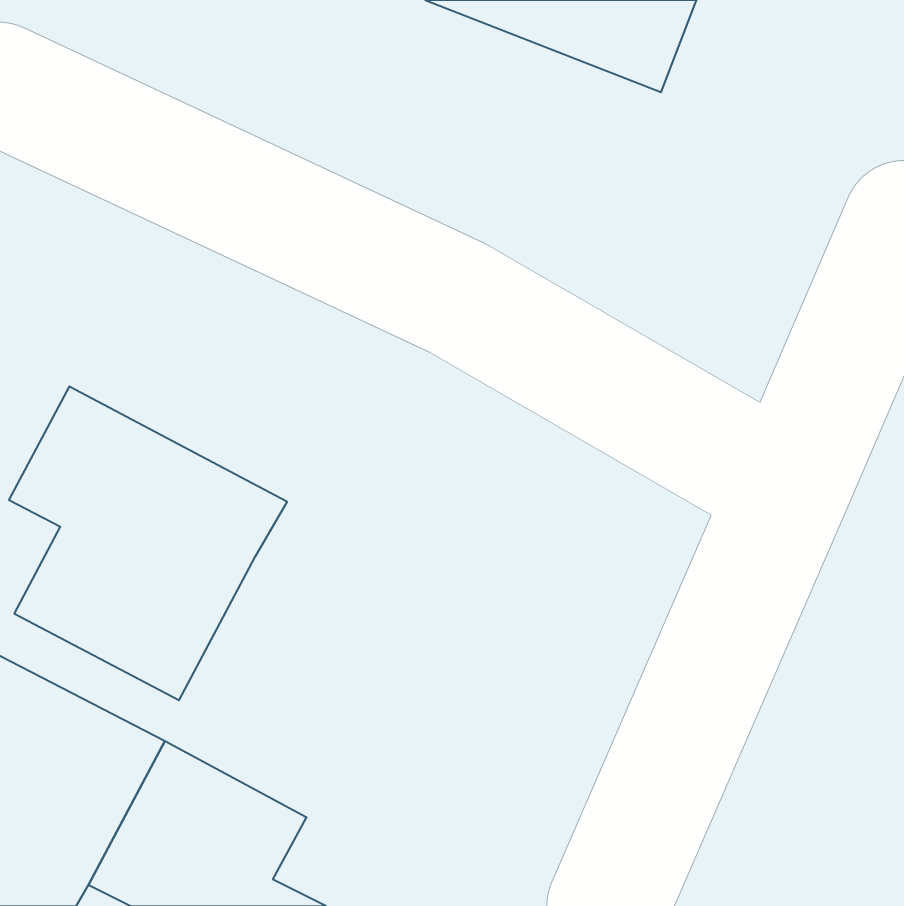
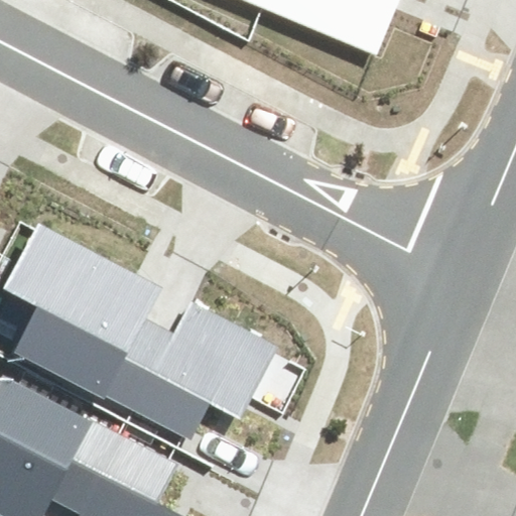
building: none -> [102,301,275,441]

